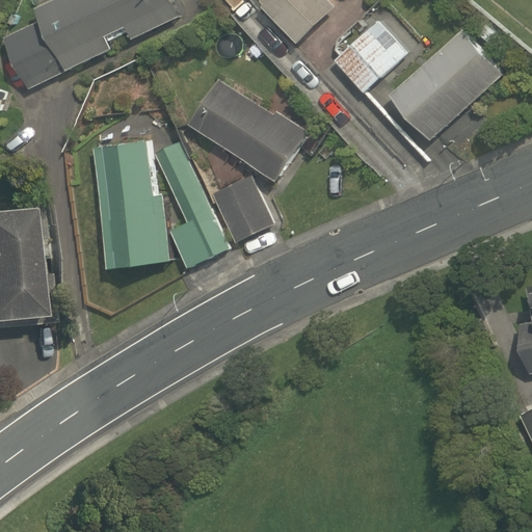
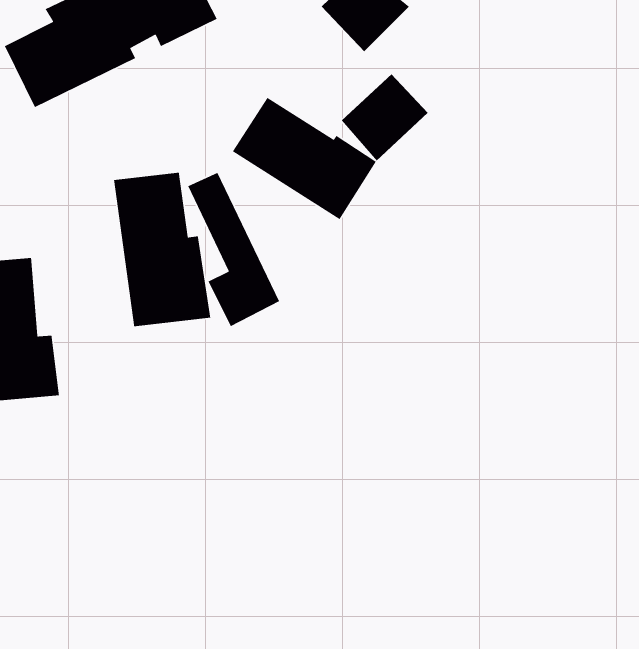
building: [334,21,405,92] -> [341,74,429,161]
building: [390,28,503,139] -> none
building: [210,175,273,243] -> none

